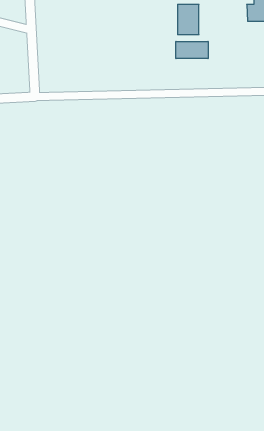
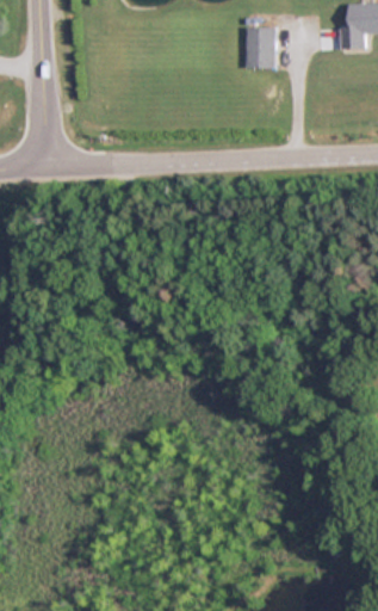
building: [176,41,208,59] -> none

